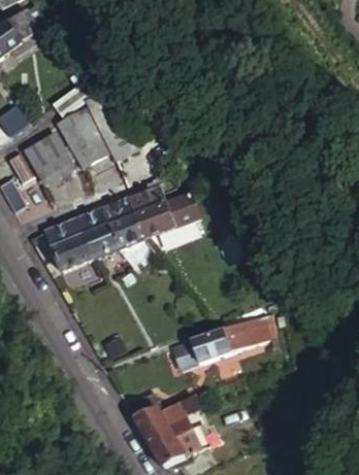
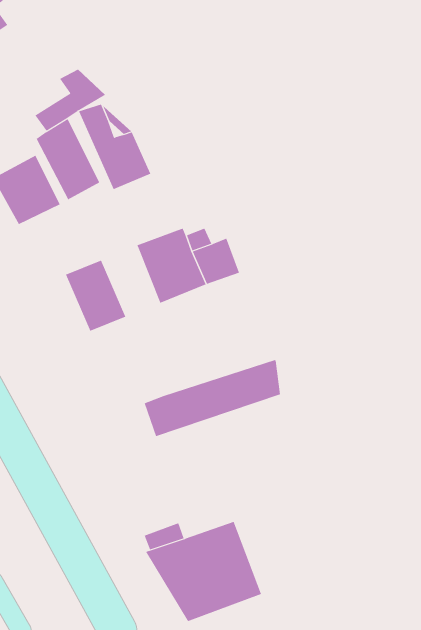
building: [101,199,142,249] -> none
building: [43,219,93,273] -> none
building: [171,313,268,368] -> [144,359,281,437]

